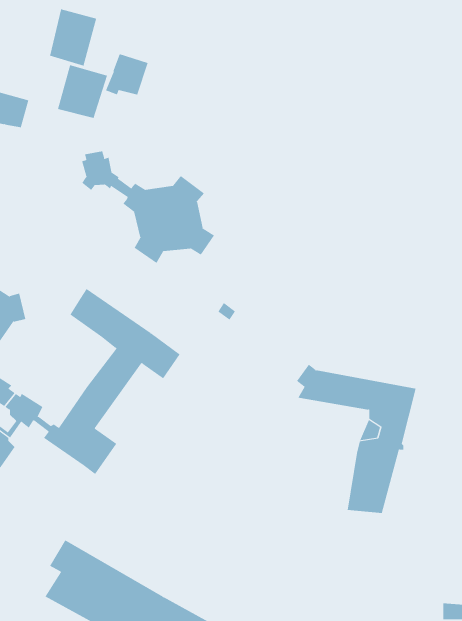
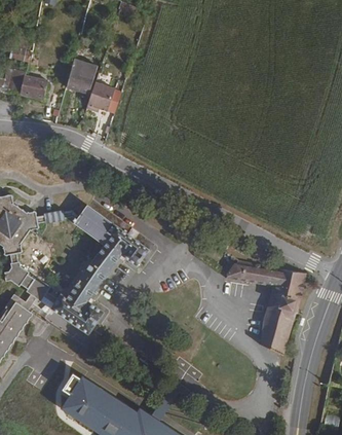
building: [49,8,97,67] -> none
building: [105,54,148,95] -> [83,81,112,109]
building: [81,150,215,264] -> none

